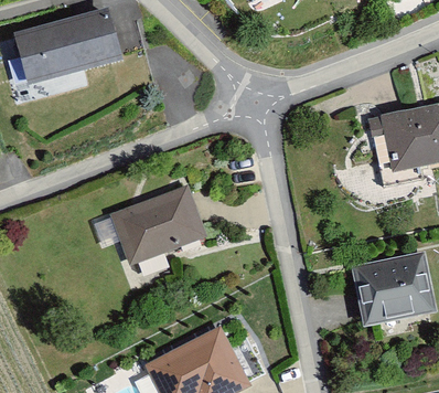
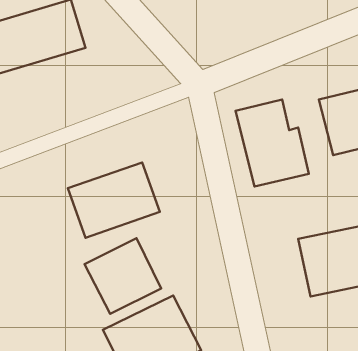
building: none -> [235,100,309,186]
building: none -> [85,238,161,314]

